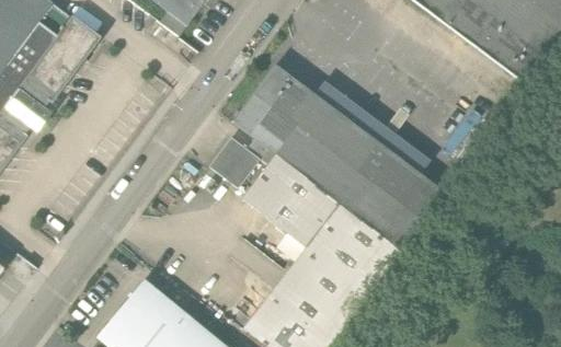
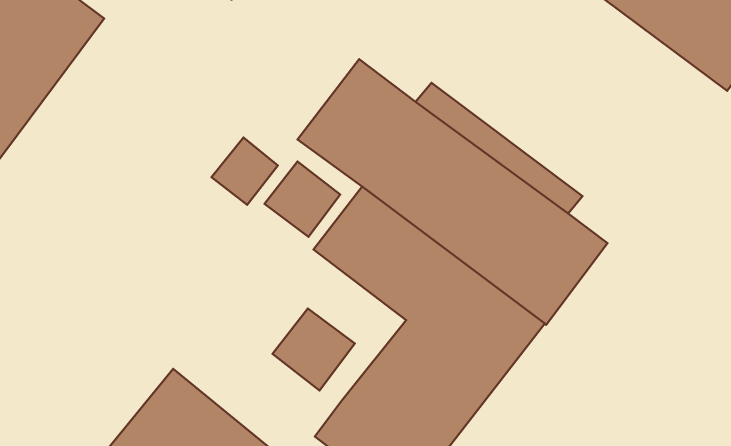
building: none -> [211,137,278,205]
building: none -> [272,309,355,390]

